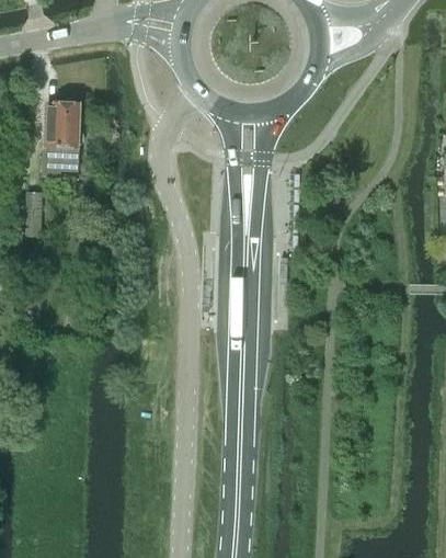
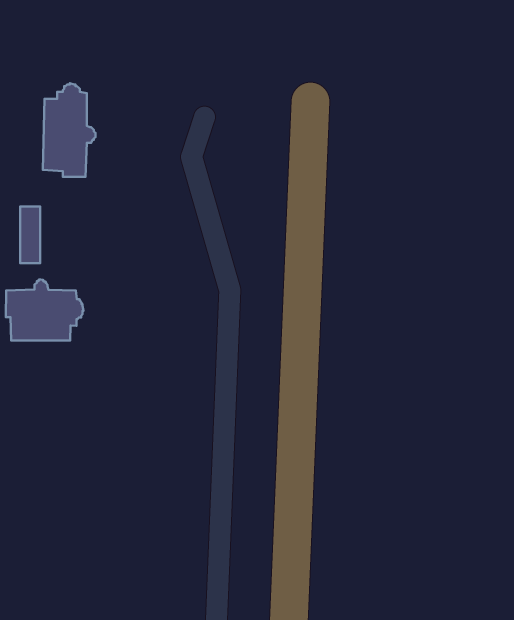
building: none -> [6,280,84,341]

